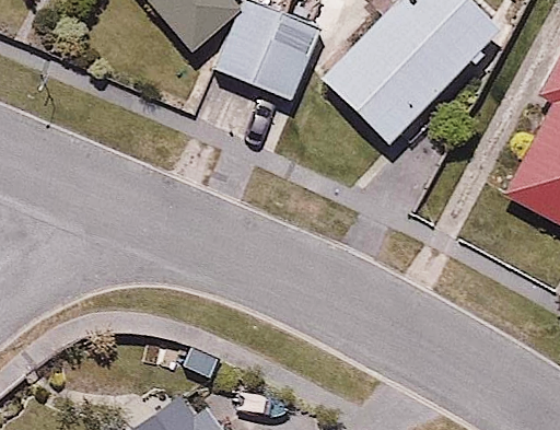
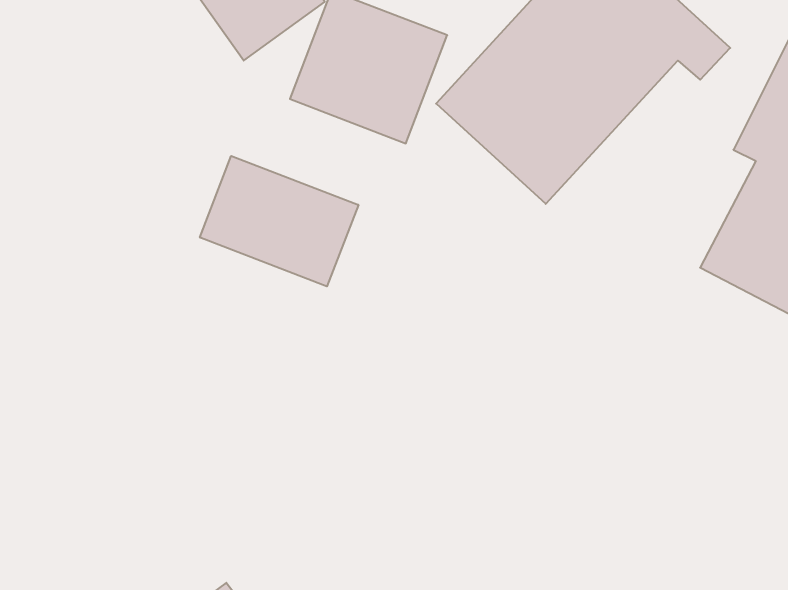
building: none -> [200,156,358,286]

